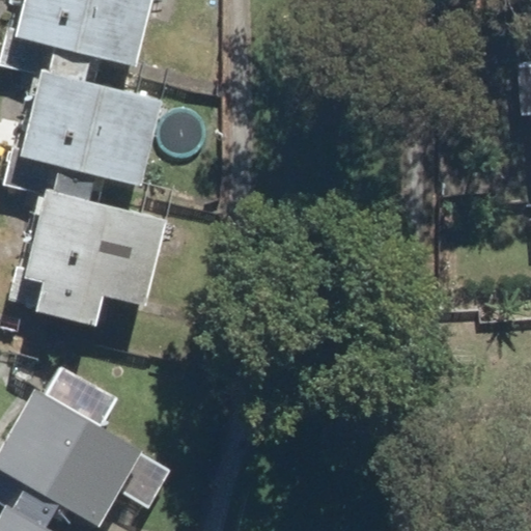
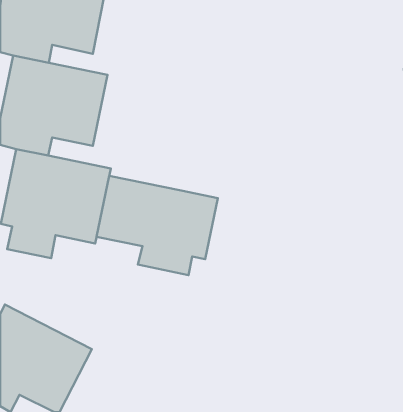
building: none -> [97,176,218,275]

